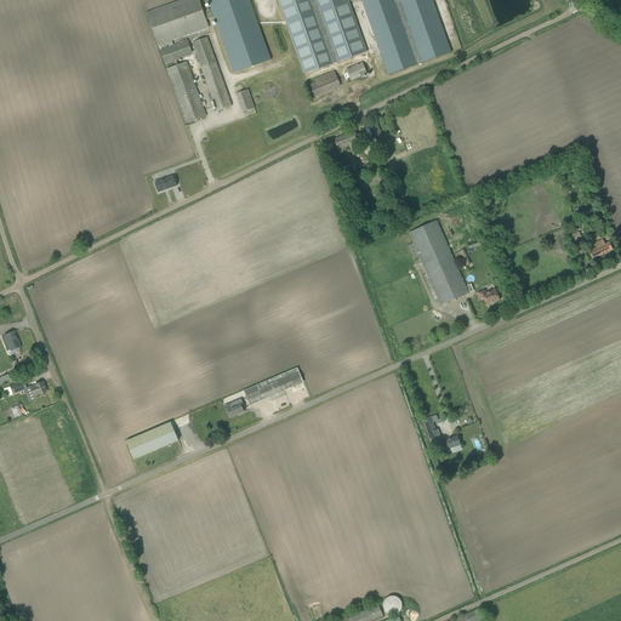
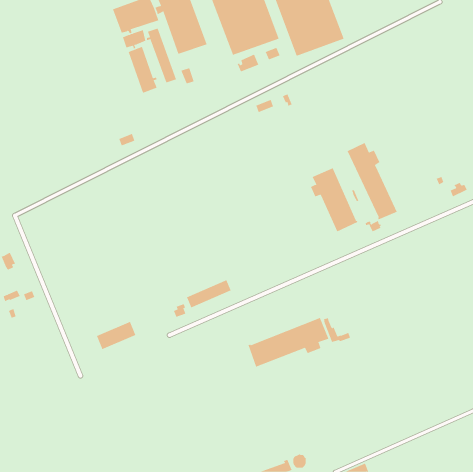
building: none -> [347,142,397,220]
building: none -> [248,317,329,367]

